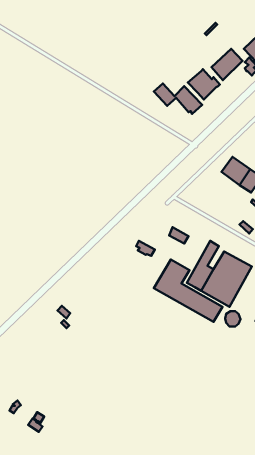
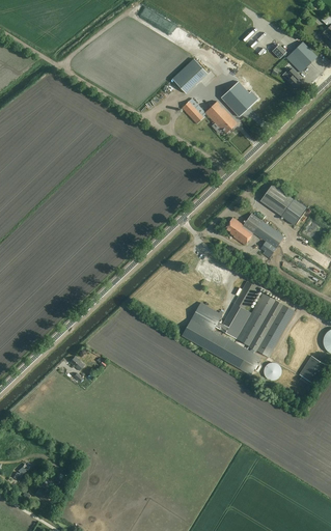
building: [211,49,243,80] -> none
building: none -> [172,59,208,93]
building: none -> [224,213,283,257]

